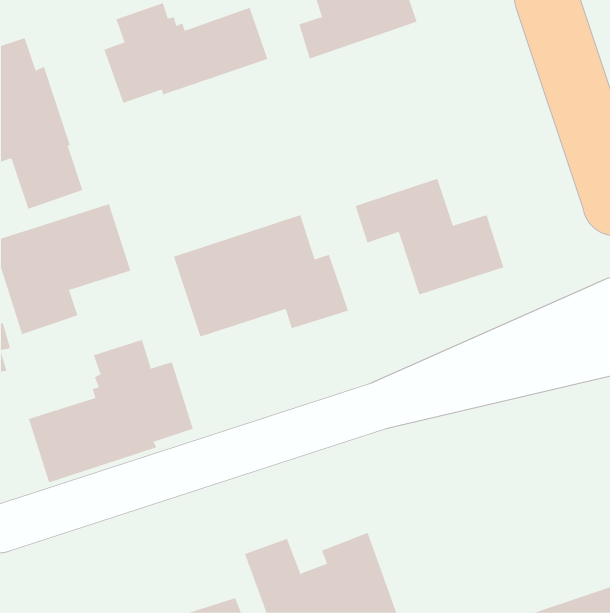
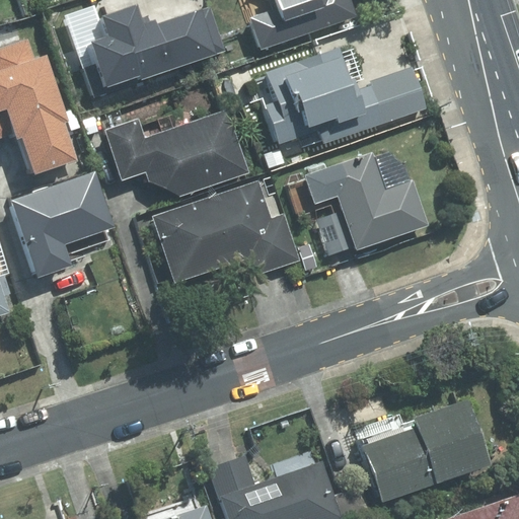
building: none -> [261,47,427,145]
building: none -> [105,108,249,197]
building: [28,339,194,483] -> none
building: none -> [360,399,489,502]

